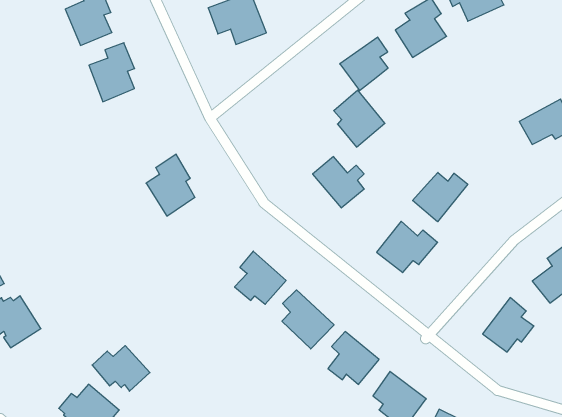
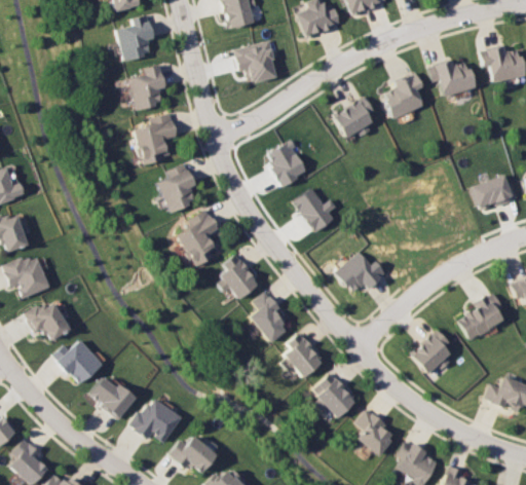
building: [334,90,385,147] -> [269,141,309,187]
building: none -> [137,113,177,163]
building: [413,172,468,222] -> none
building: none -> [178,209,221,265]
building: [92,346,150,391] -> [25,302,71,340]

